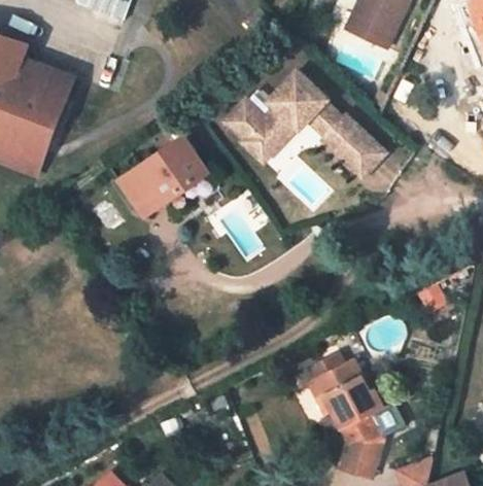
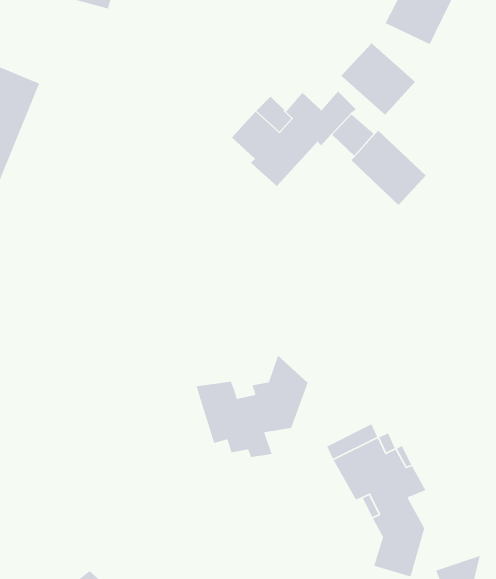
building: none -> [341,42,416,115]
building: [118,137,207,215] -> none
building: none -> [195,354,309,458]

